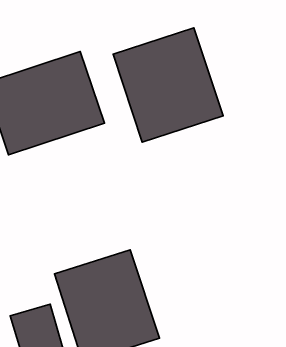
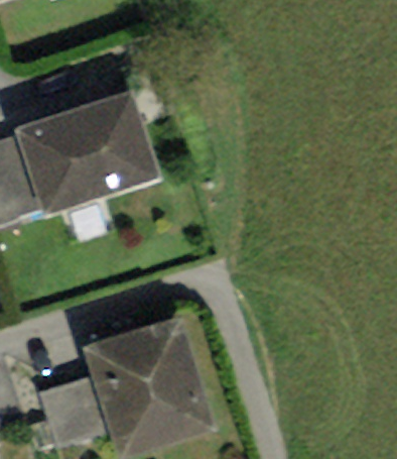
building: [113,28,223,142] -> none

